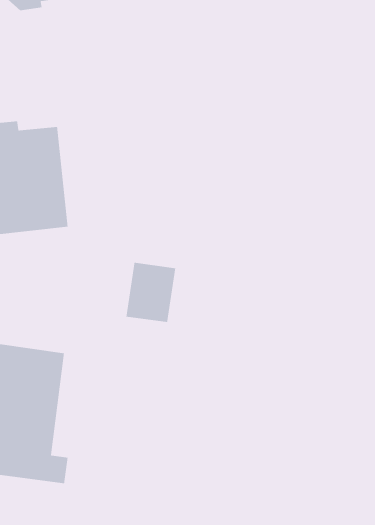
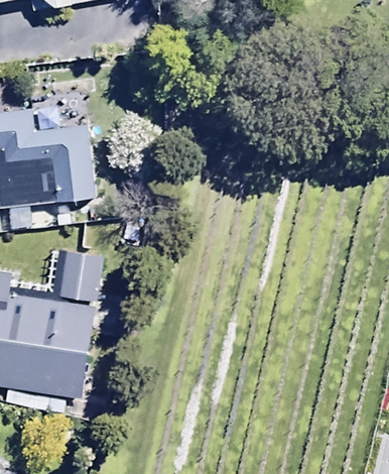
building: [126,262,176,323] -> [57,248,101,301]

